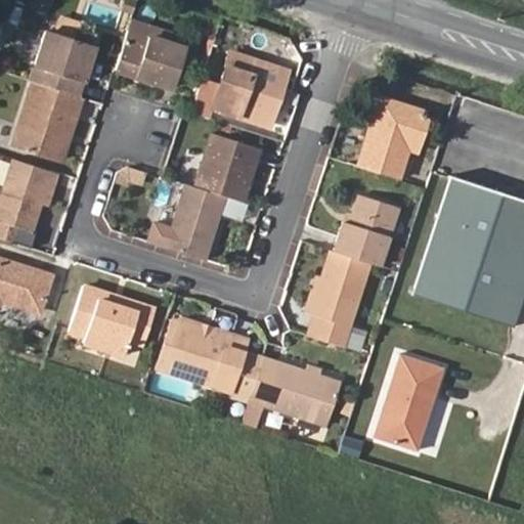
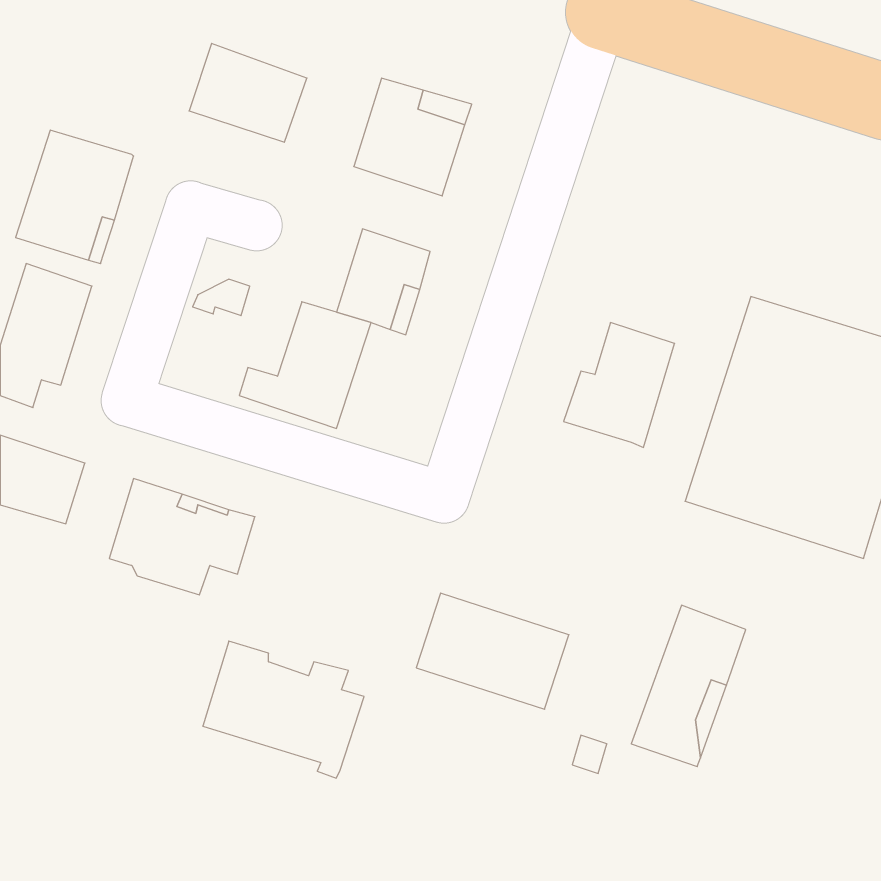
building: [33,30,96,94] -> none
building: [356,88,427,177] -> none
building: [306,251,376,346] -> none
building: [168,320,263,401] -> [203,641,364,778]

